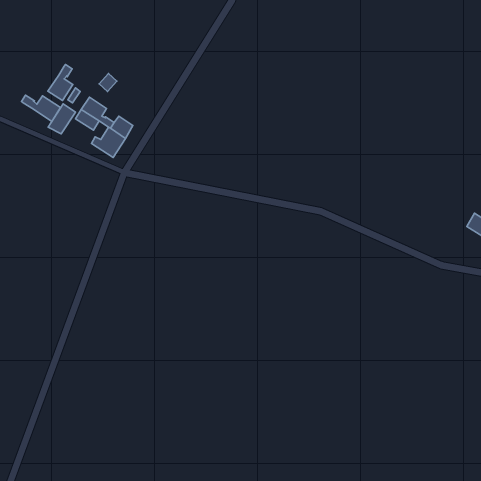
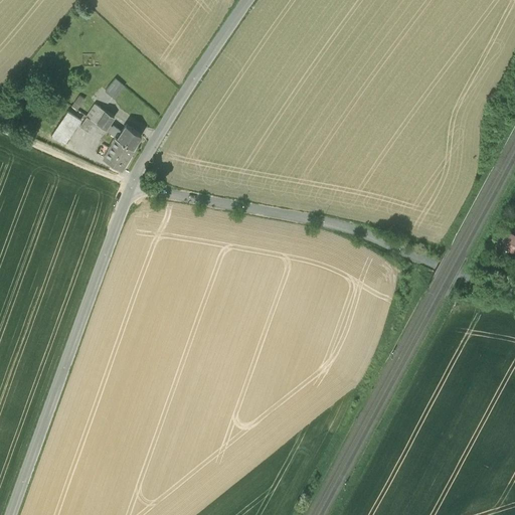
building: [48,65,73,100] -> none
building: [21,95,60,122] -> none

